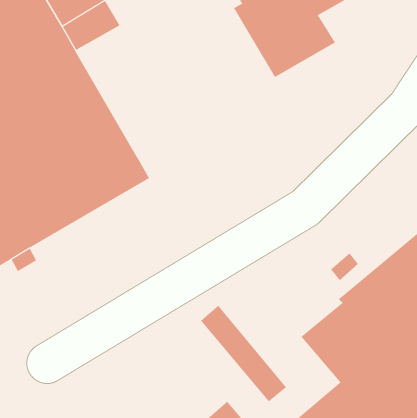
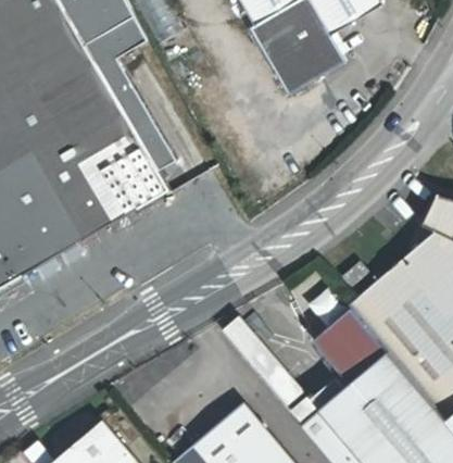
building: none -> [100,57,178,168]

